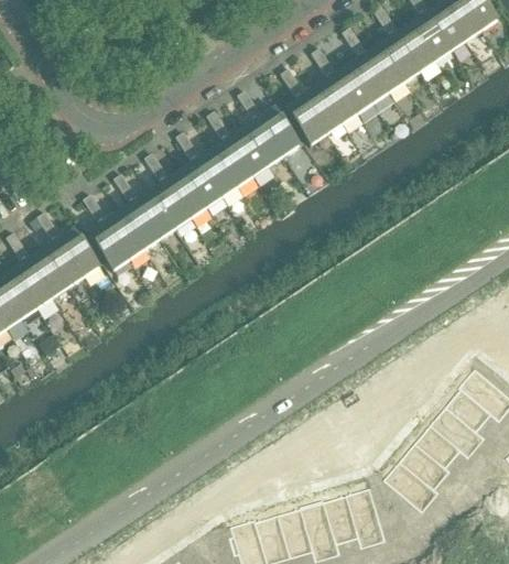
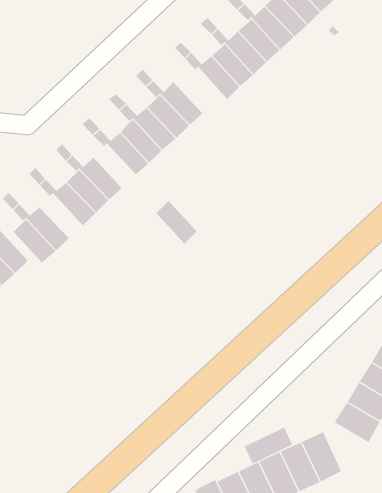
building: [286,100,327,148] -> none
building: [183,163,223,210] -> [155,200,198,244]
building: [120,205,161,252] -> none
building: none -> [244,427,293,464]

